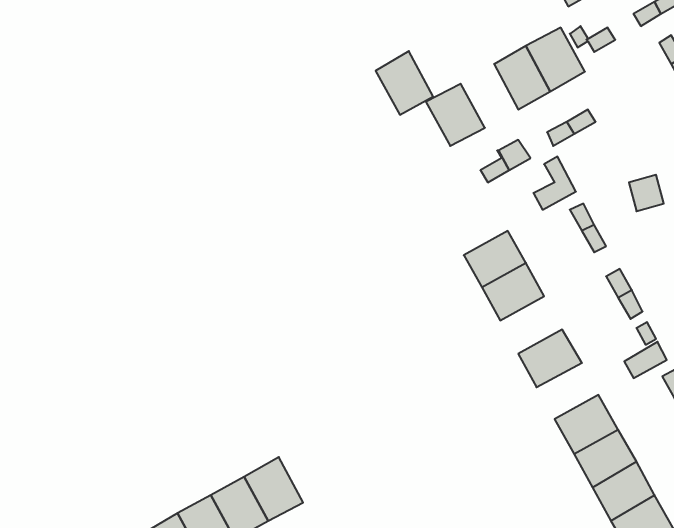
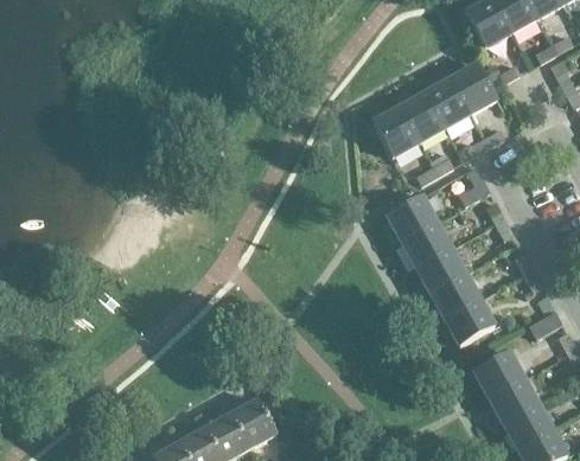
building: [376,51,433,115] -> [401,91,446,141]
building: none -> [388,194,438,241]
building: none -> [432,273,480,318]

